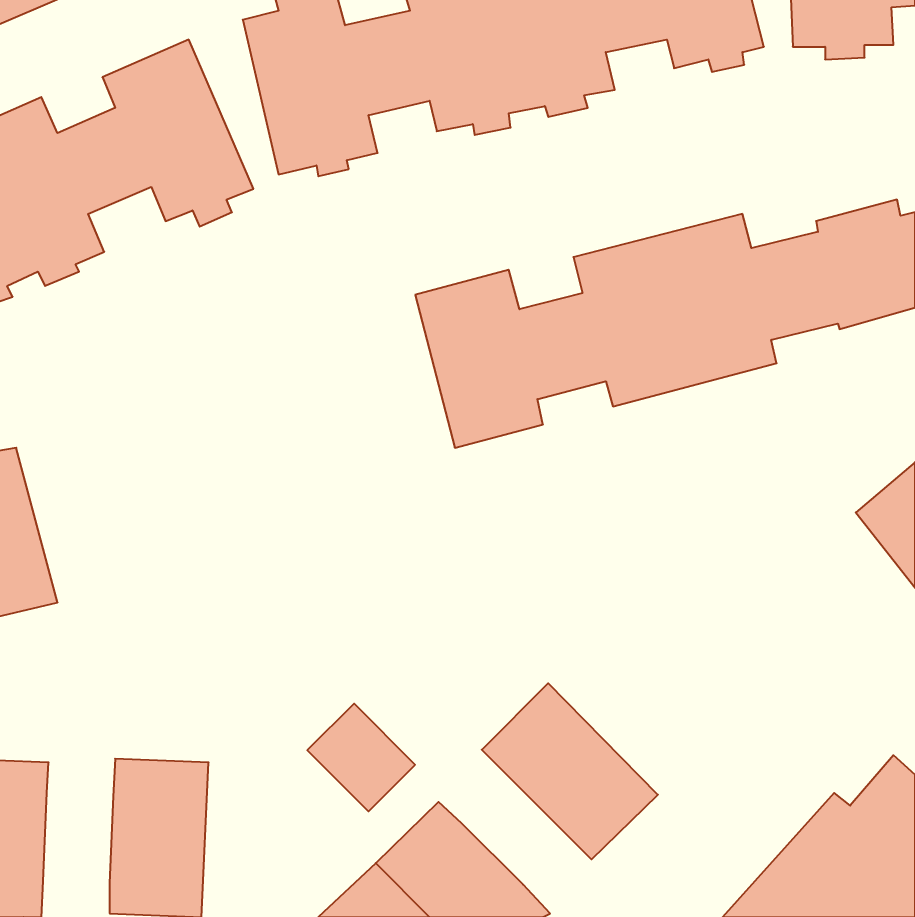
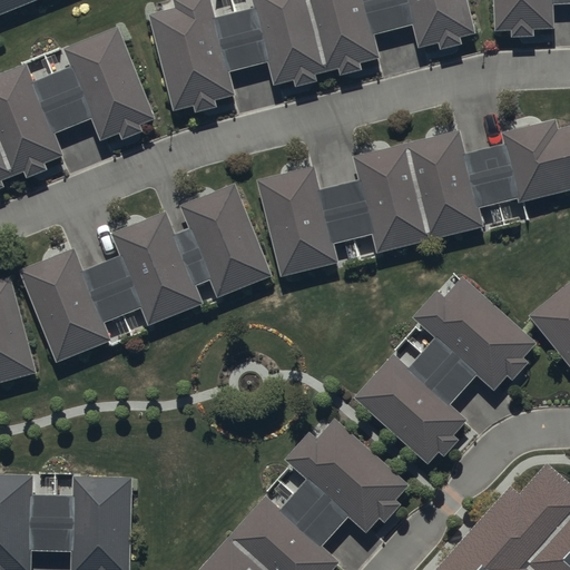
building: none -> [18,183,273,362]
building: none -> [353,278,534,465]
building: [307,704,415,811] -> [286,481,353,548]
building: none -> [27,491,70,547]

